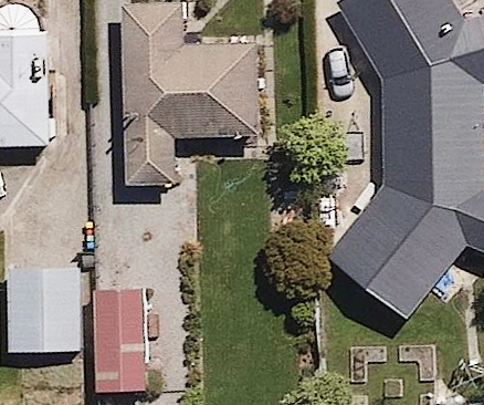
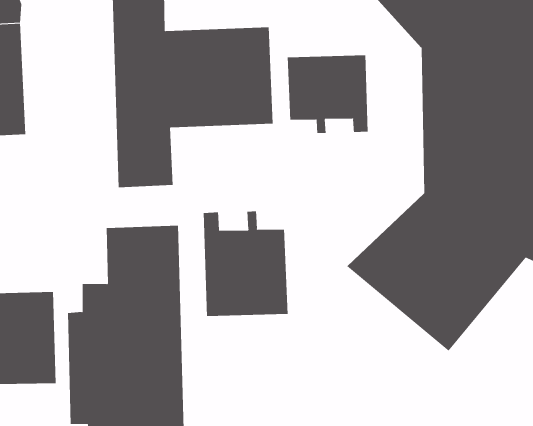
building: none -> [287,54,368,134]
building: none -> [203,211,288,317]

